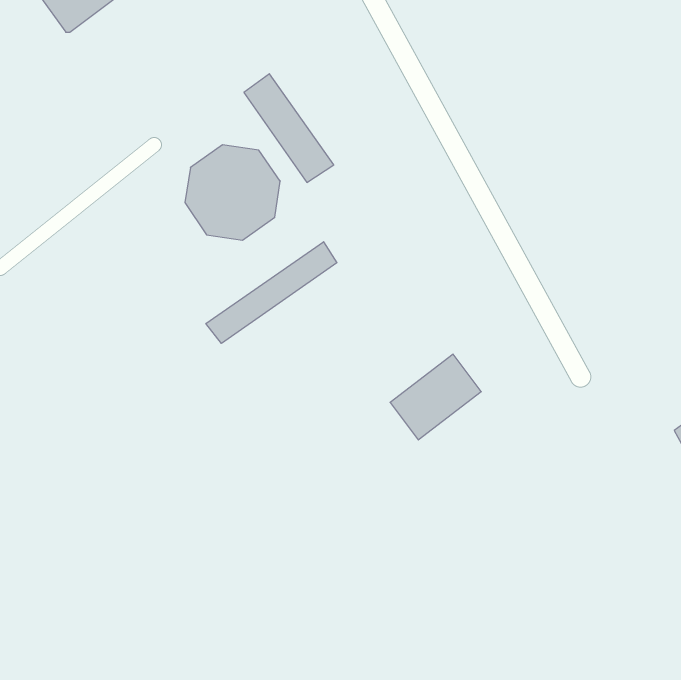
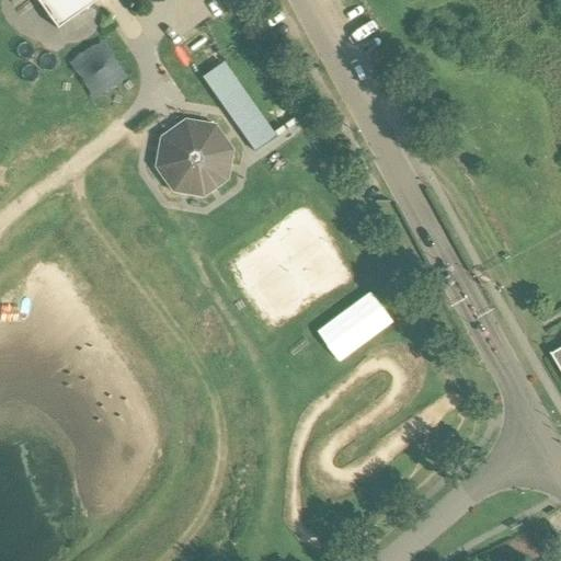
building: none -> [70,38,130,99]
building: [206,242,337,343] -> none

